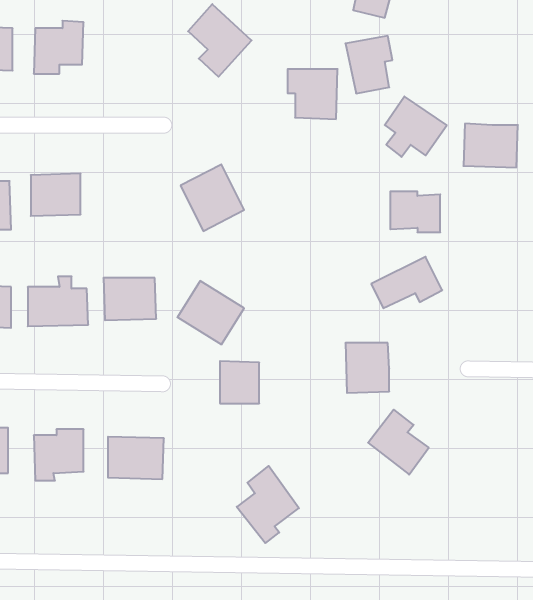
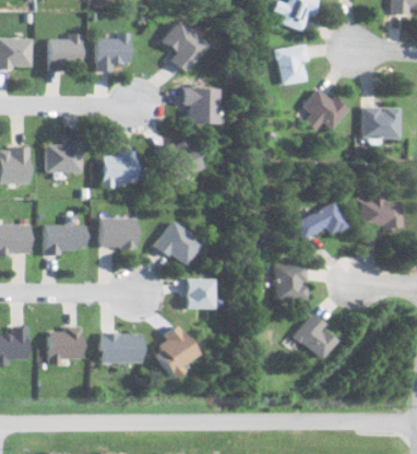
building: none -> [96,33,132,72]
building: [288,69,338,119] -> [181,88,217,124]
building: none -> [103,153,138,187]
building: [390,191,440,232] -> [357,199,393,228]
building: [237,466,299,543] -> [153,324,198,380]

